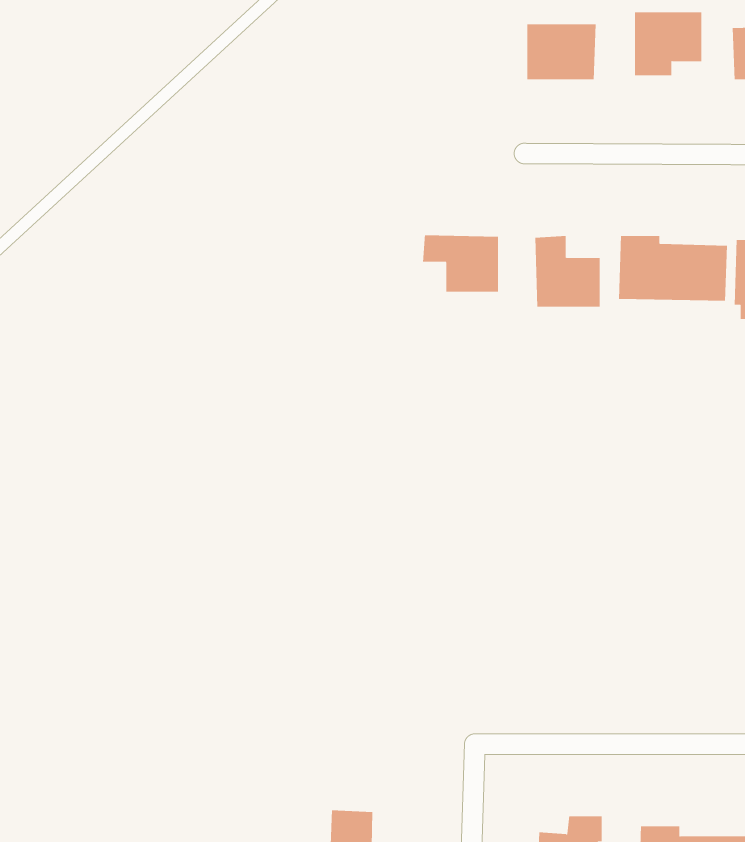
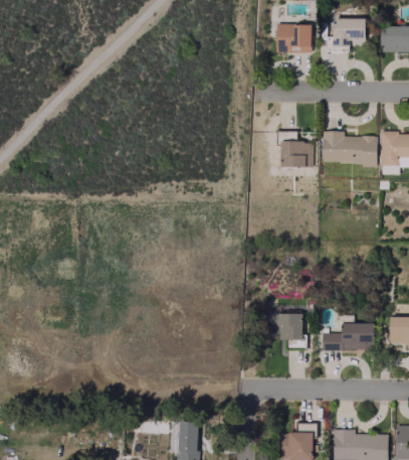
building: [422,235,499,292] -> none
building: none -> [269,312,302,339]
building: none -> [322,322,374,350]

